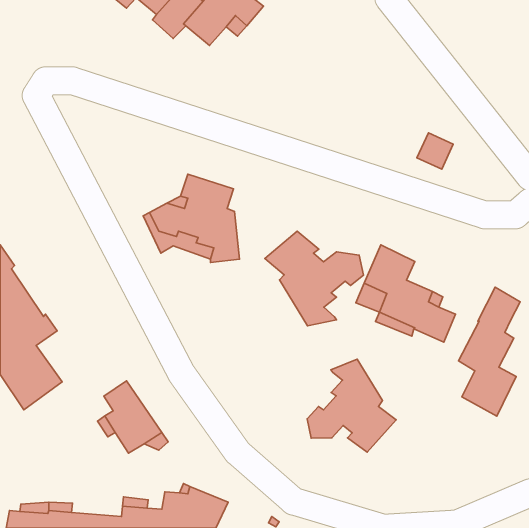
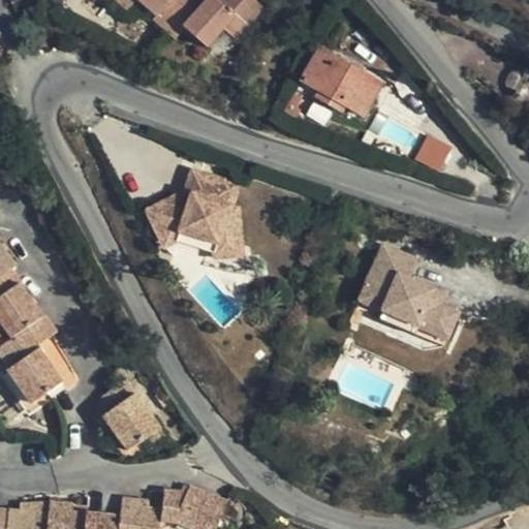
building: none -> [303,48,383,114]
building: [265,231,363,326] -> none
building: [459,287,520,416] -> none
building: [307,359,396,452] -> none

